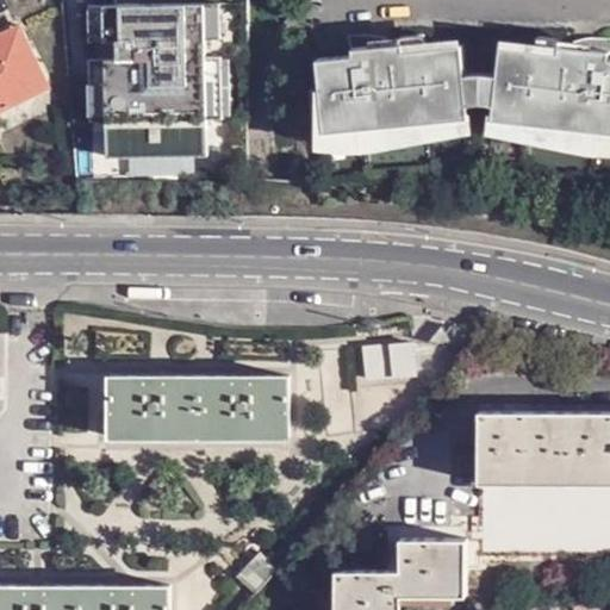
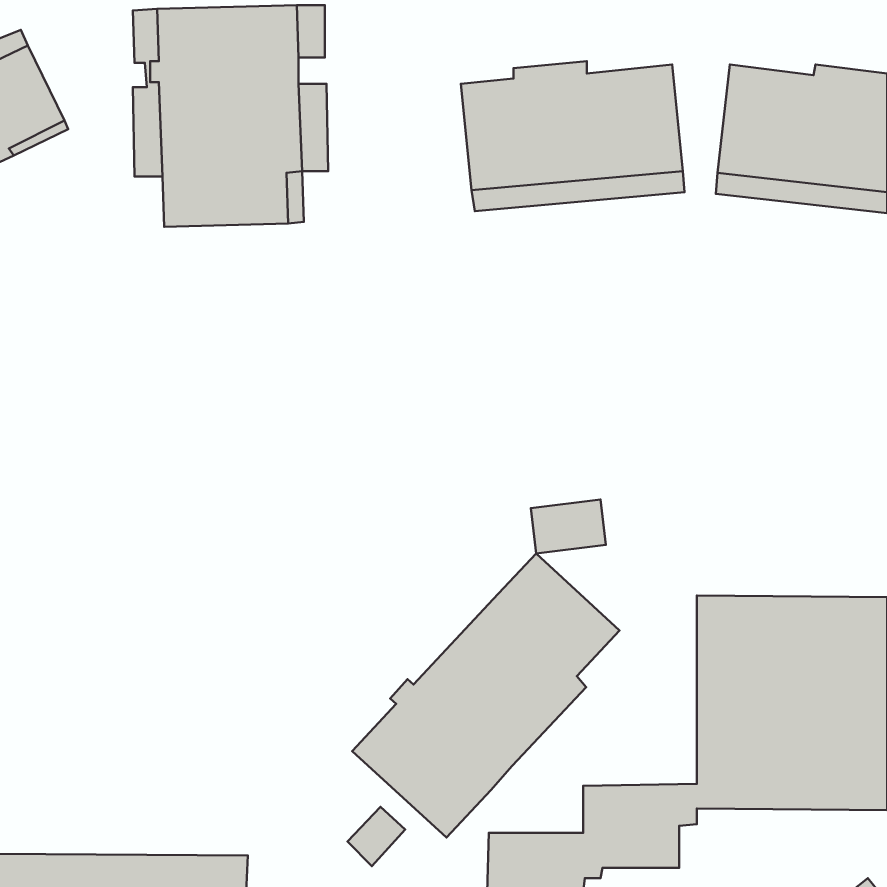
building: [110,378,288,440] -> none
building: none -> [352,554,620,838]

